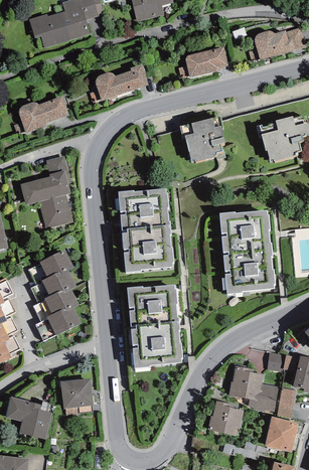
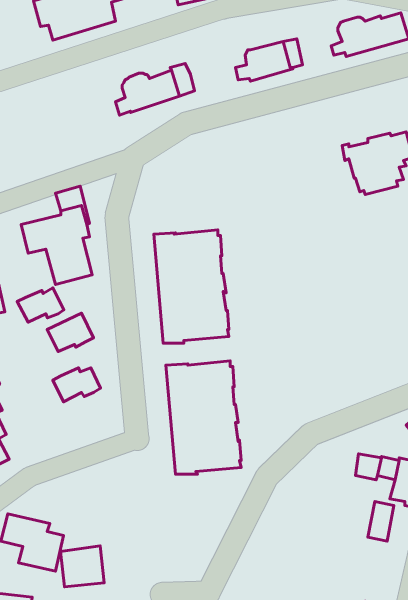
building: [14,96,68,133] -> none
building: [179,115,225,161] -> none
building: [219,209,275,293] -> none
building: [41,270,75,295] -> [17,288,64,322]
building: [46,307,81,335] -> none
building: [227,365,278,412] -> none
building: [60,377,93,408] -> [61,546,104,587]
building: [207,401,244,436] -> none
building: [265,416,297,451] -> none

